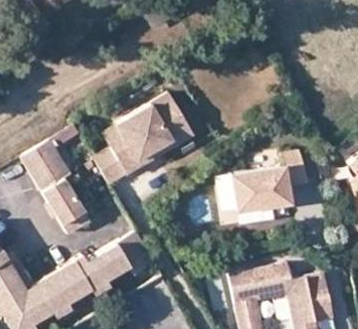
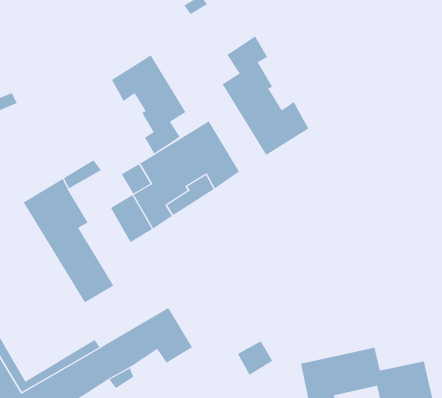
building: none -> [222,35,309,156]
building: none -> [111,55,186,155]
building: [233,162,310,219] -> none

